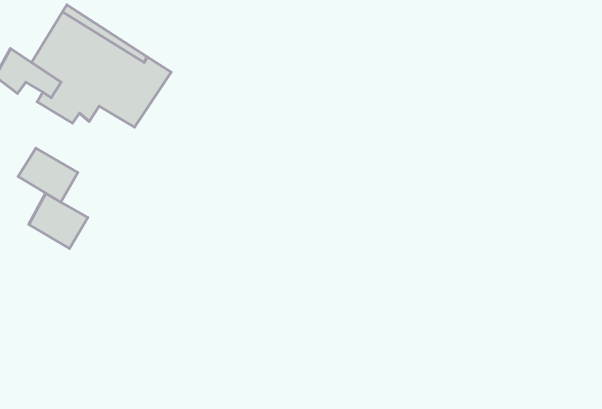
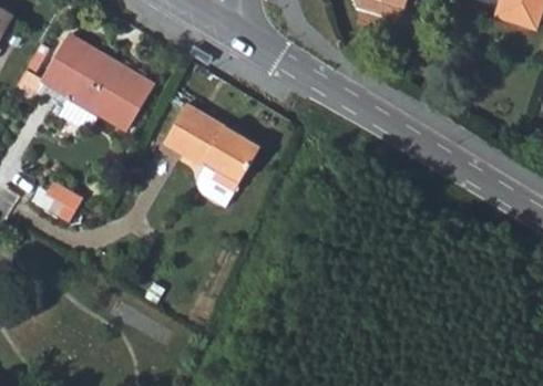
building: none -> [167,104,260,205]
building: [18,148,78,202] -> none

